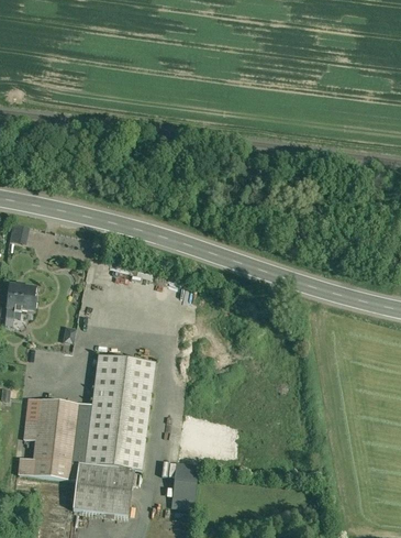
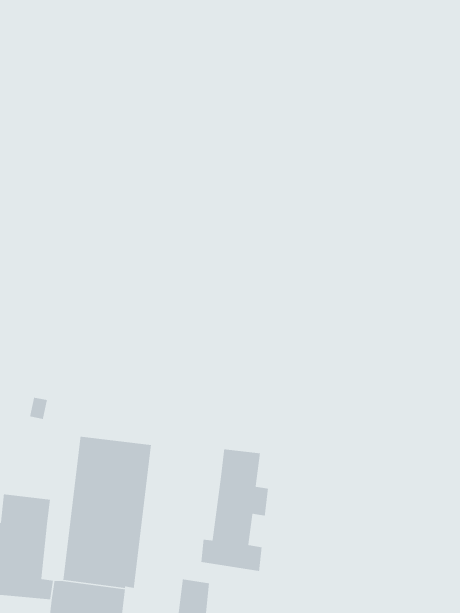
building: none -> [200,449,269,572]

